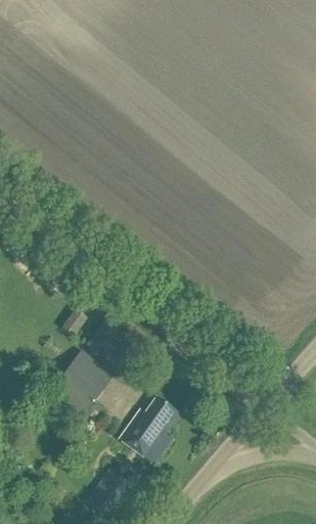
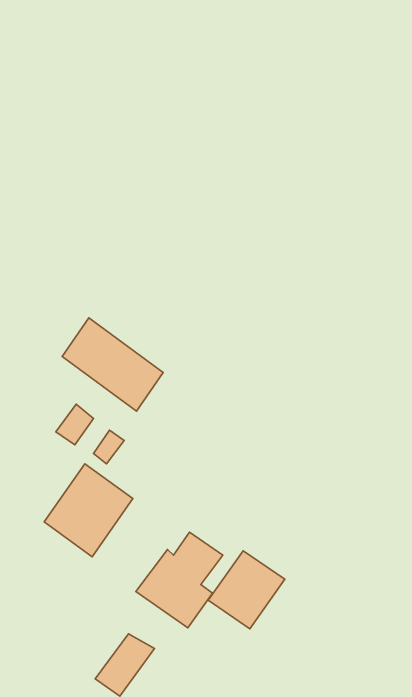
building: none -> [62,318,163,411]
building: none -> [208,551,285,629]

